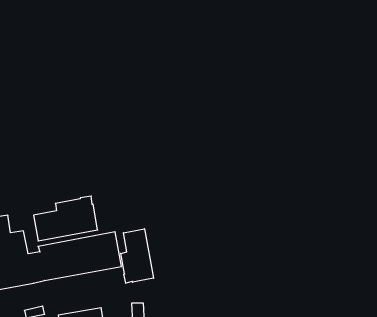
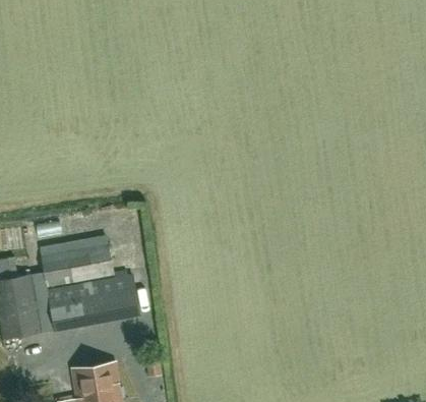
building: [121,229,154,283] -> none

